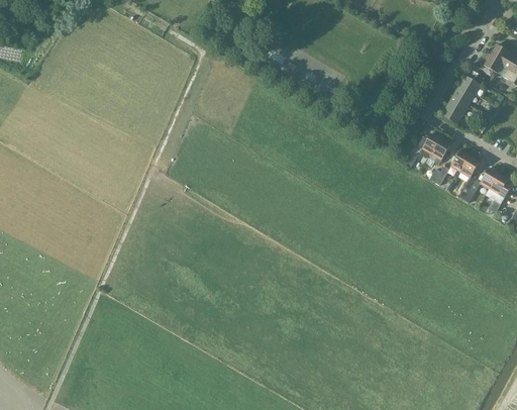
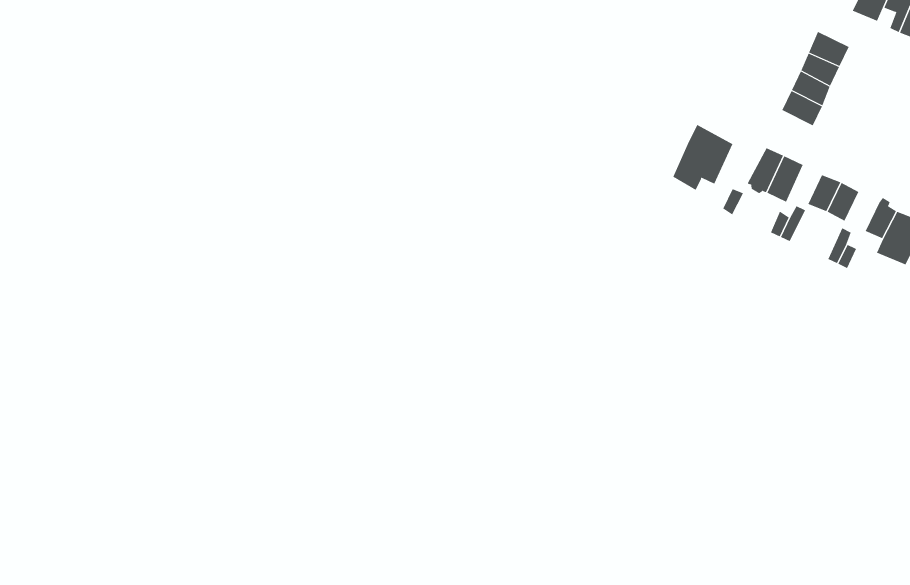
building: none -> [672,124,733,191]

